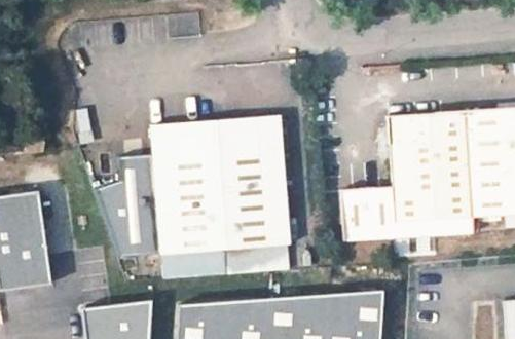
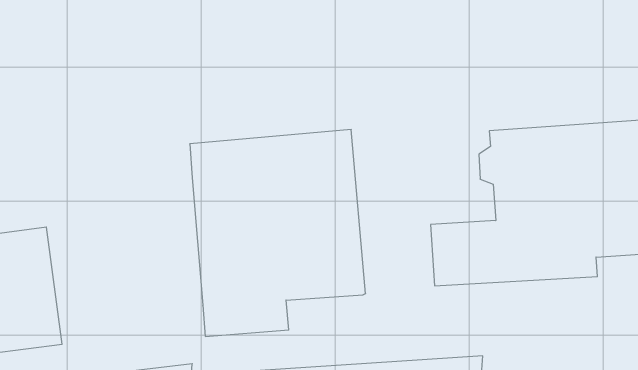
building: [96,152,162,256] -> none
building: [228,244,290,272] -> none

